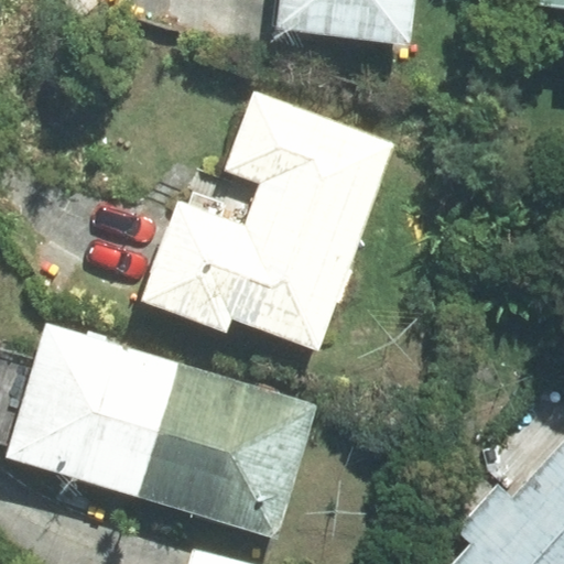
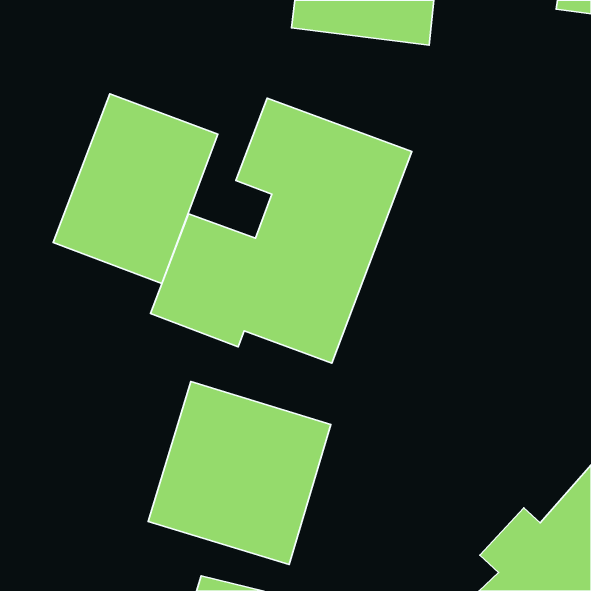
building: none -> [53,94,218,284]
building: [7,323,182,497] -> none

